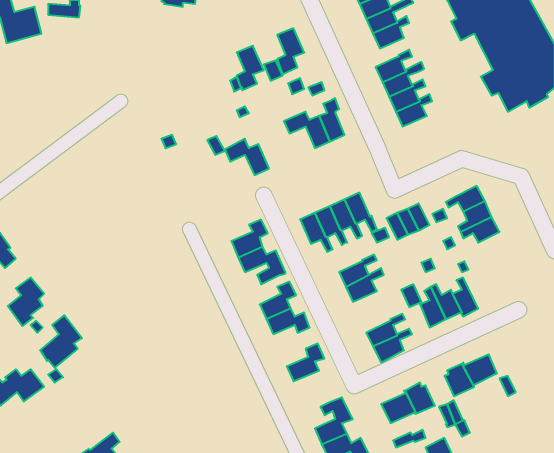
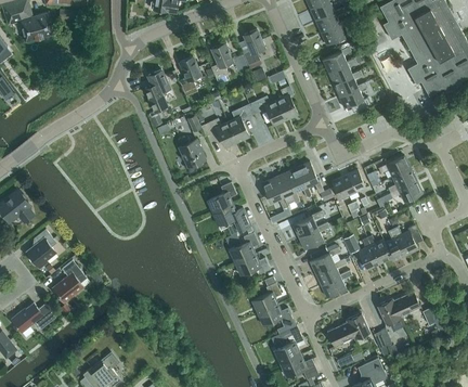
building: none -> [179,56,200,96]
building: none -> [145,70,169,112]
building: none -> [229,104,253,142]
building: none -> [179,137,206,167]
building: none -> [393,224,422,255]
building: none -> [310,244,341,274]
building: none -> [257,305,296,331]

